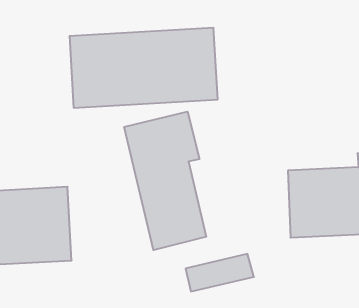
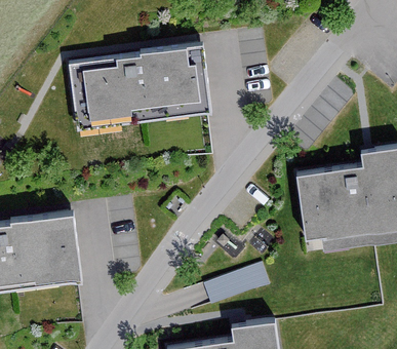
building: [124,112,206,250] -> none

